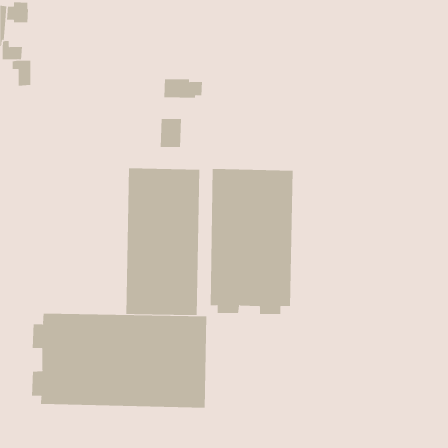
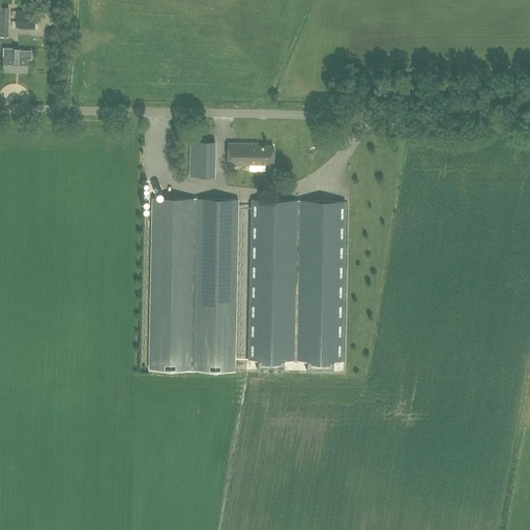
building: [12,60,31,87] -> none
building: [163,79,203,98] -> [226,142,272,165]
building: [31,313,207,408] -> none

